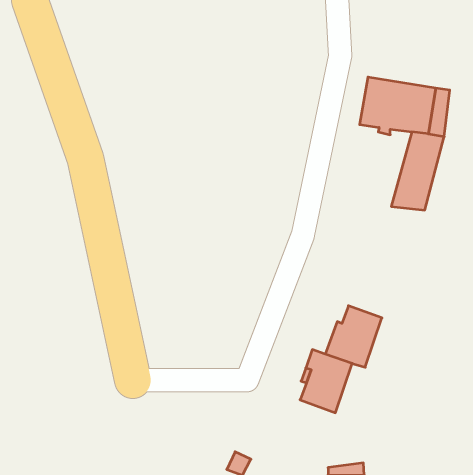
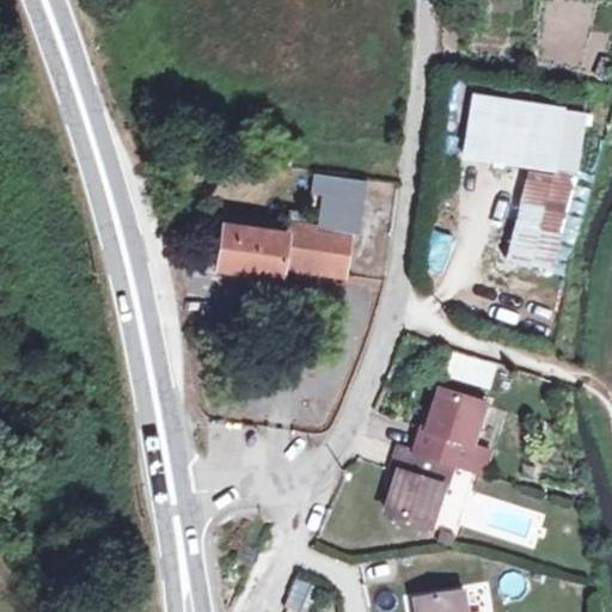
building: none -> [215,173,366,277]

